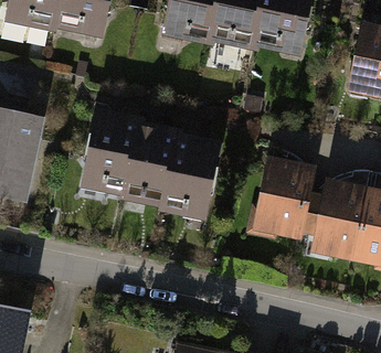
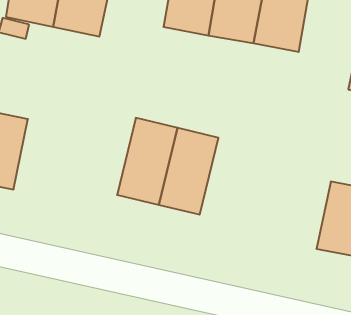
building: [77,110,137,197] -> none
building: [244,160,317,240] -> none

